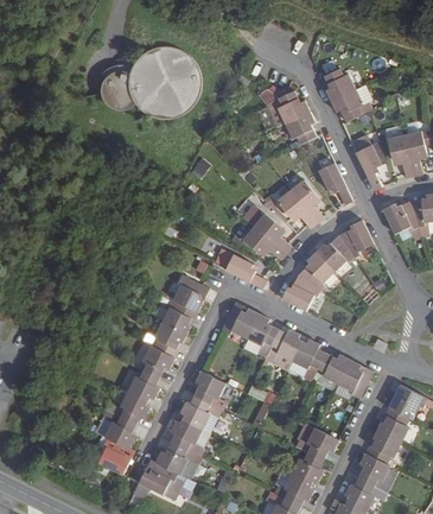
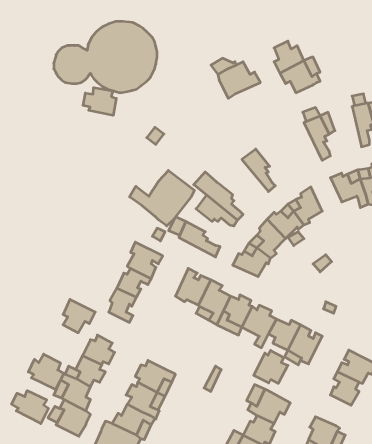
building: [281,109,313,142] -> none
building: none -> [83,88,116,115]
building: [386,134,412,177] -> none
building: [317,160,351,204] -> none
building: [274,189,316,228] -> none
building: none -> [130,170,194,226]
building: [139,344,172,379] -> [63,299,95,333]
building: [191,372,224,411] -> none
building: none -> [254,350,288,383]
building: none -> [28,354,64,390]
building: none -> [12,391,48,424]
building: [364,432,401,464] -> none

